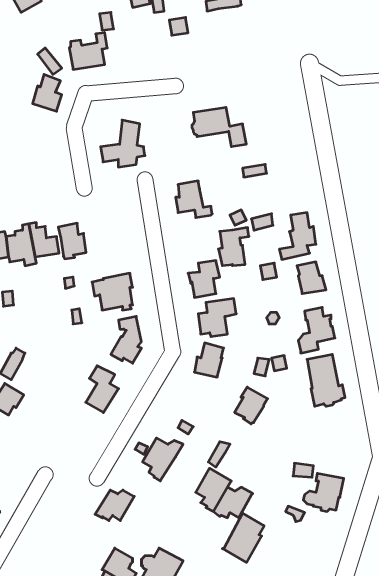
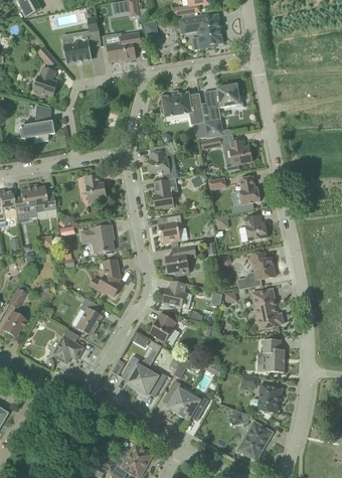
building: none -> [179,12,222,49]
building: none -> [103,32,141,61]
building: none -> [201,85,243,138]
building: [101,120,145,167] -> [20,105,55,142]
building: none -> [222,140,252,171]
building: [58,223,86,259] -> [84,174,107,202]
building: [218,228,249,266] -> [153,178,177,208]
building: [235,387,268,424] -> [150,313,176,342]
building: none -> [52,329,83,363]
building: none -> [263,339,285,371]
building: [95,490,134,521] -> [136,370,167,394]
building: [222,513,264,562] -> [237,421,271,460]

